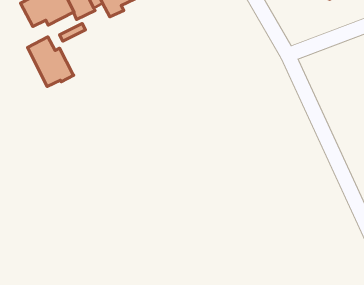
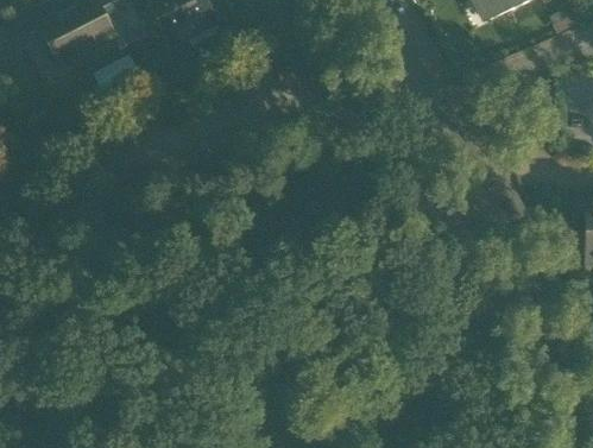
building: [28,37,74,86] -> none

